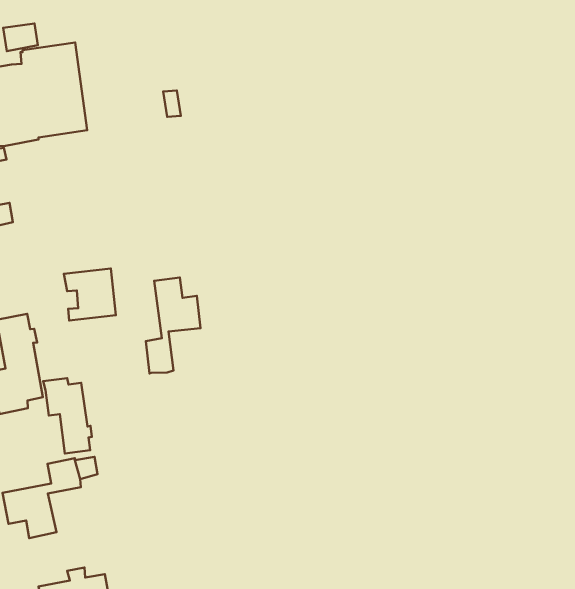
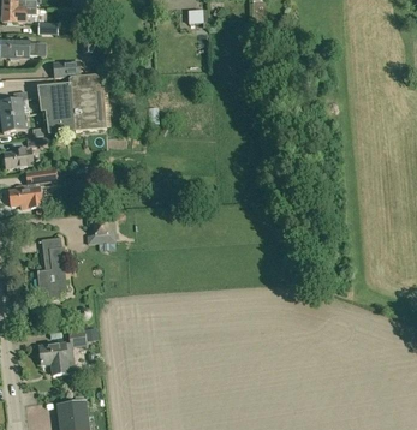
building: [146,277,201,373] -> none
building: [43,378,92,453] -> none

